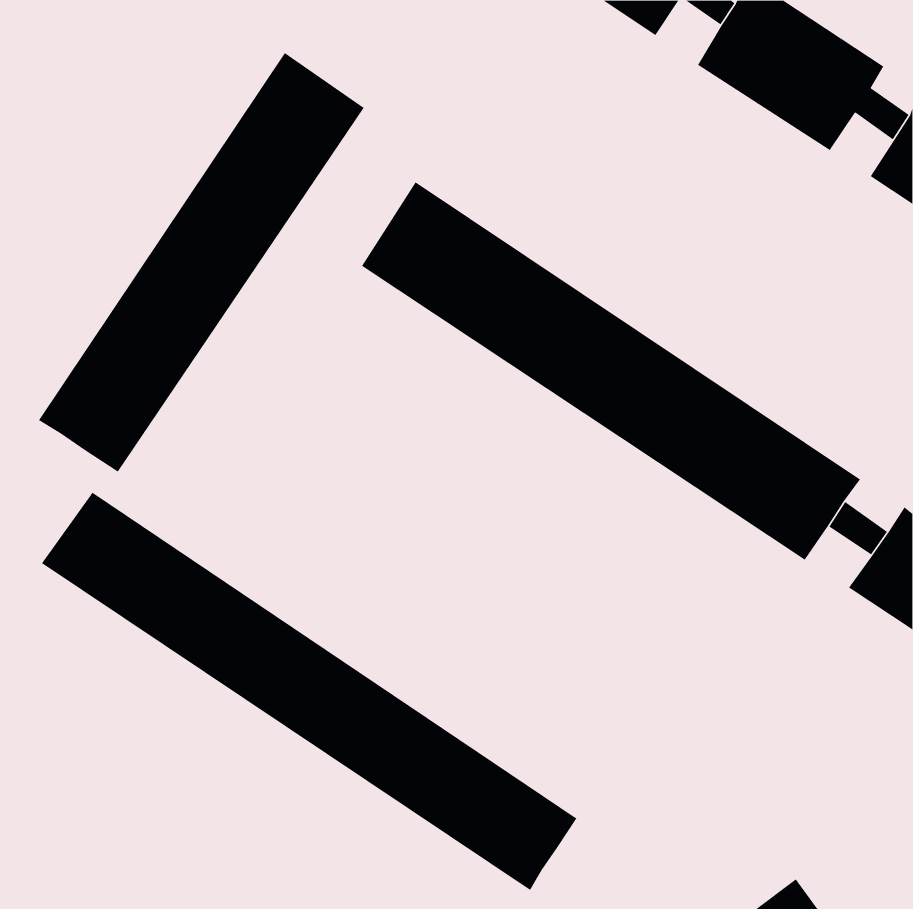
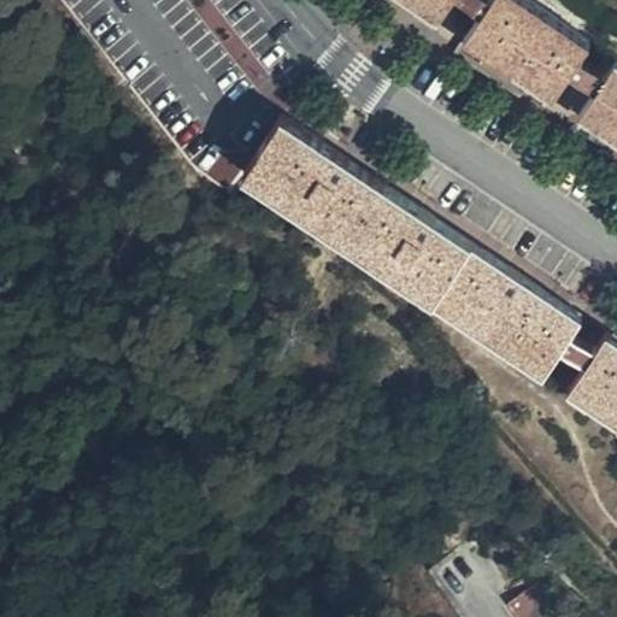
building: [38,52,364,473] -> none
building: [41,492,577,891] -> none

